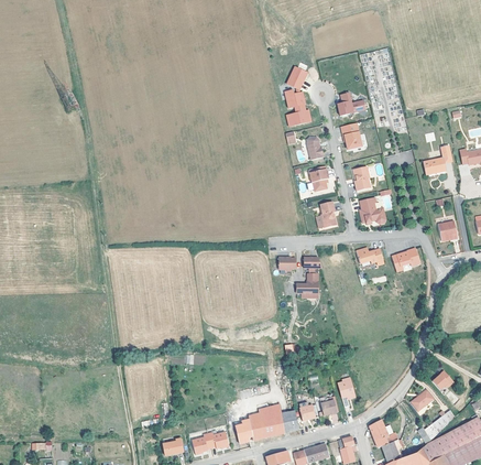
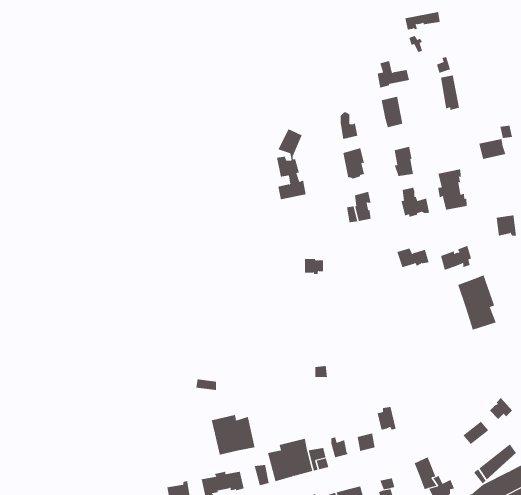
building: [285,64,310,123] -> [276,128,307,200]
building: none -> [437,169,467,210]
building: [295,257,320,298] -> none
building: none -> [457,274,496,331]
building: none -> [211,414,255,455]

